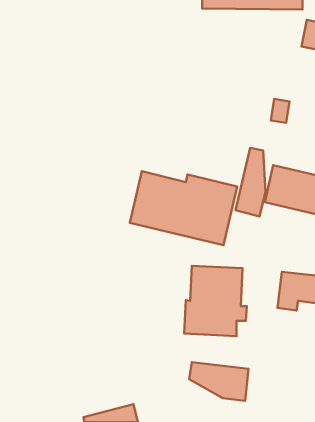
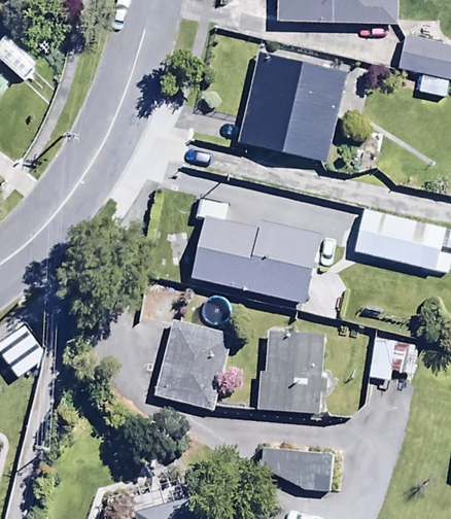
building: none -> [237,50,350,162]
building: [235,148,265,216] -> none
building: none -> [153,320,234,410]

